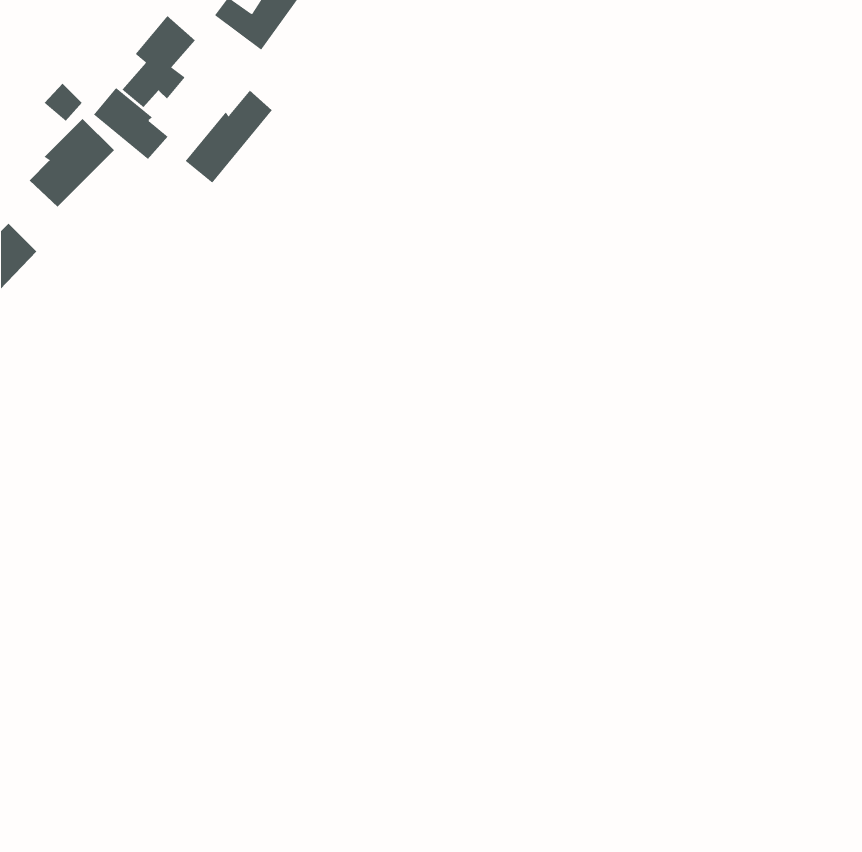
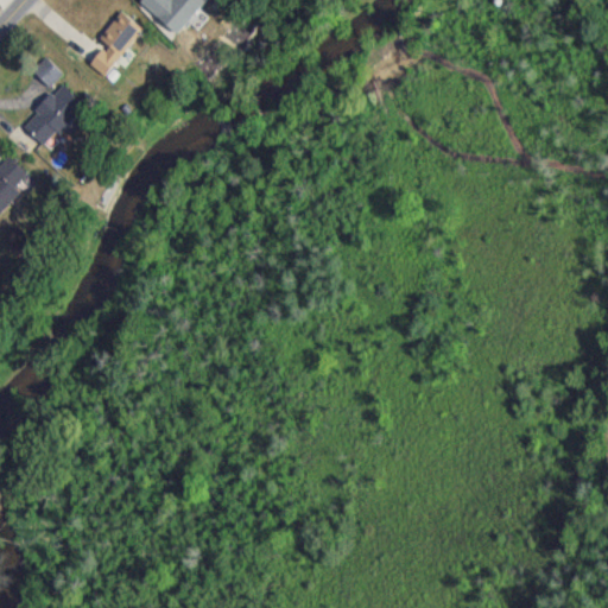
building: [93,87,169,160] -> none
building: [185,90,273,183] -> none

